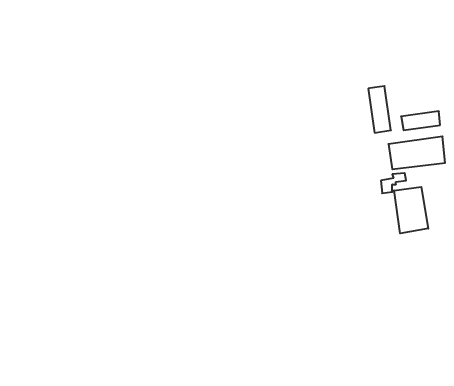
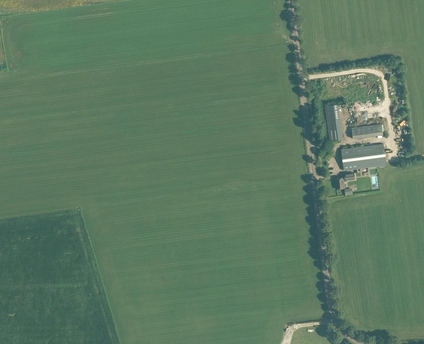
building: [394,187,428,233] -> none

